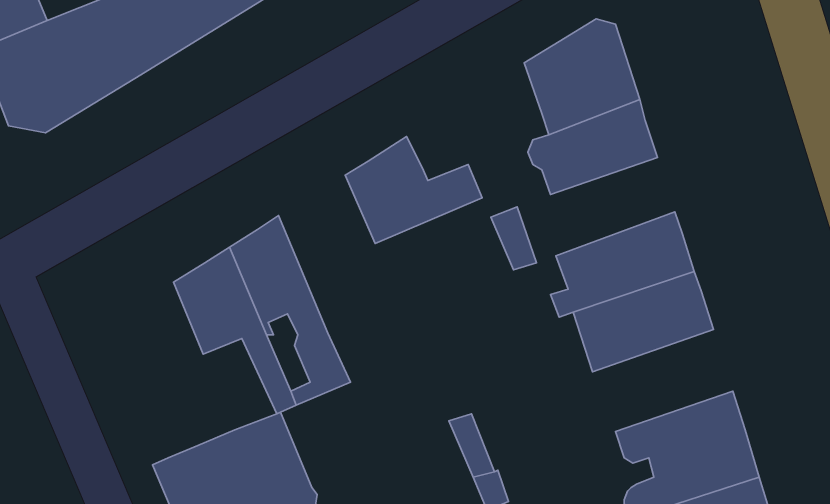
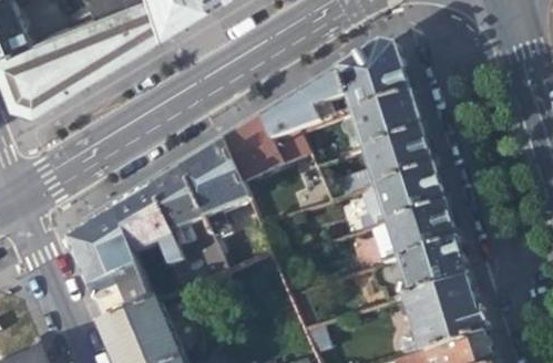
building: none -> [262,70,351,144]
building: none -> [346,129,431,193]
building: none -> [181,141,249,240]
building: none -> [64,208,153,311]
building: none -> [371,238,468,304]

